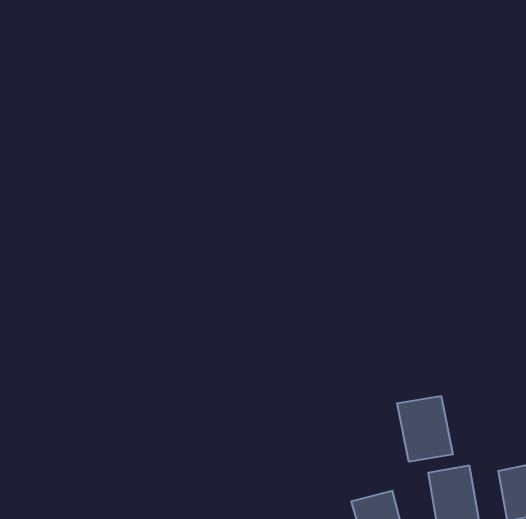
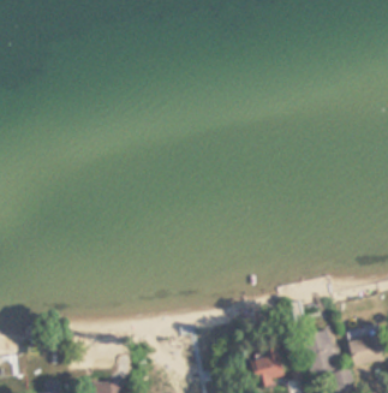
building: [397,396,453,462] -> none

